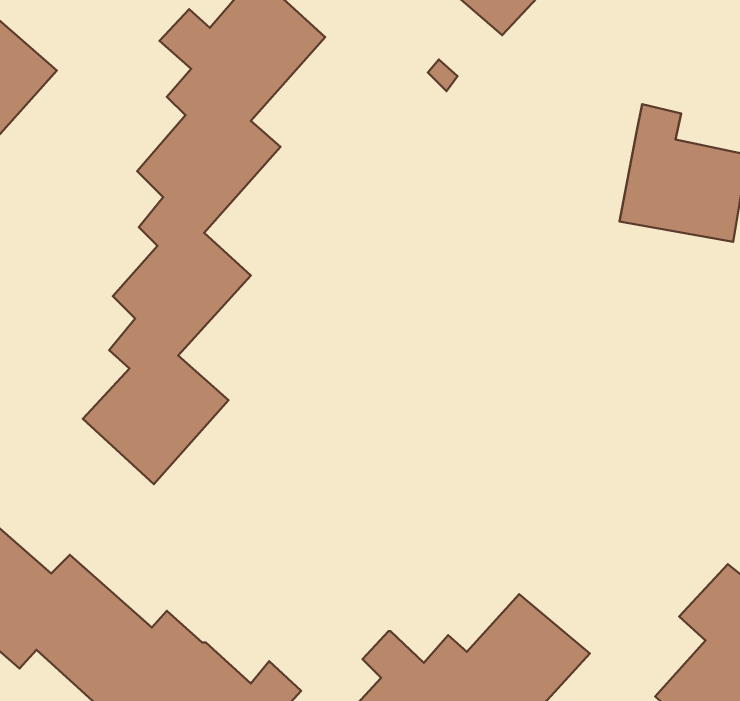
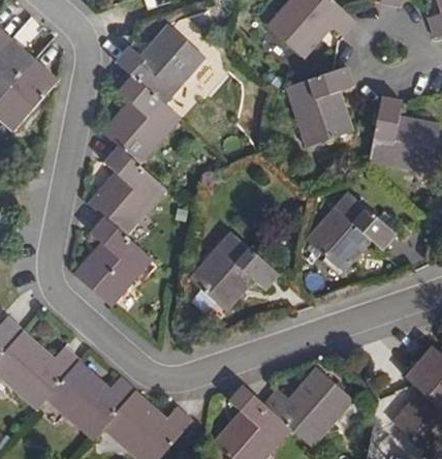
building: none -> [284,67,354,148]
building: none -> [307,189,397,271]
building: none -> [188,232,278,313]

